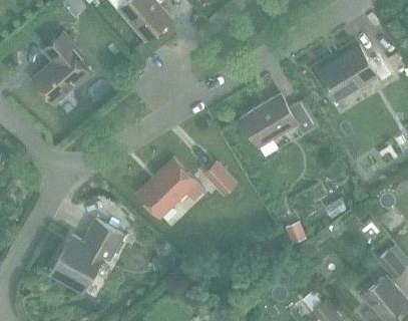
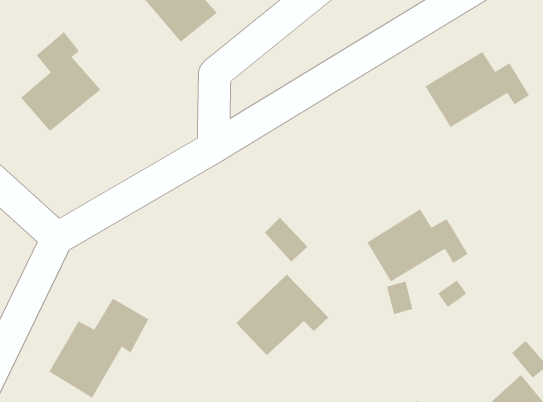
building: [241,95,313,147] -> [366,208,469,282]
building: [136,159,202,218] -> [236,274,329,356]

